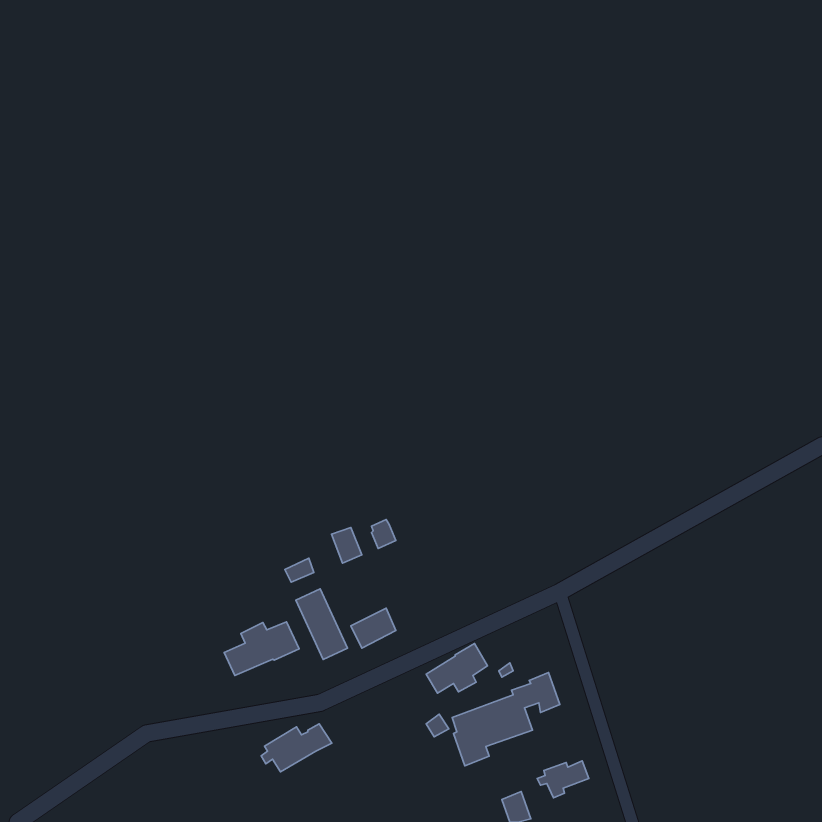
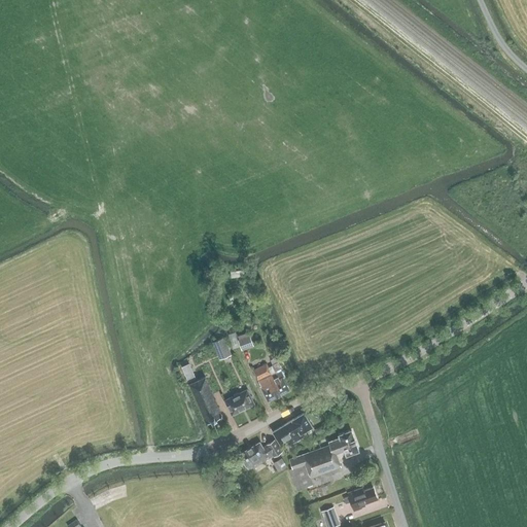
building: none -> [253,363,289,400]
building: [224,622,299,676] -> none
building: [261,724,332,772] -> [237,440,282,470]

